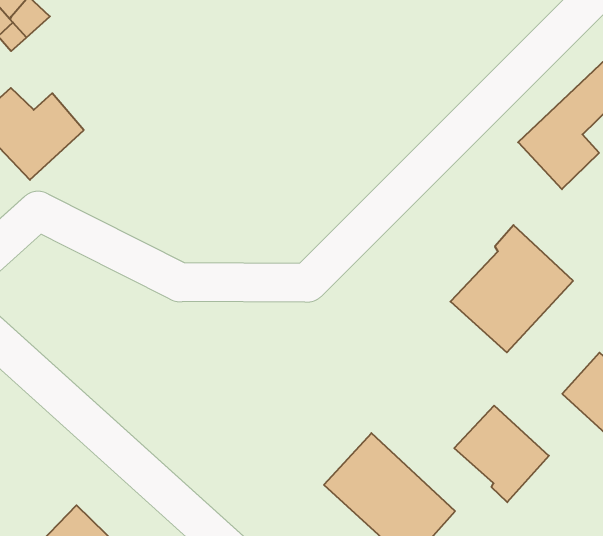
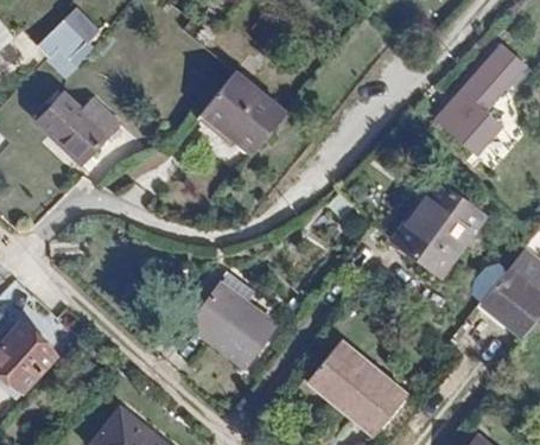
building: none -> [202,70,285,151]
building: none -> [186,282,279,370]
building: [454,406,549,502] -> none

